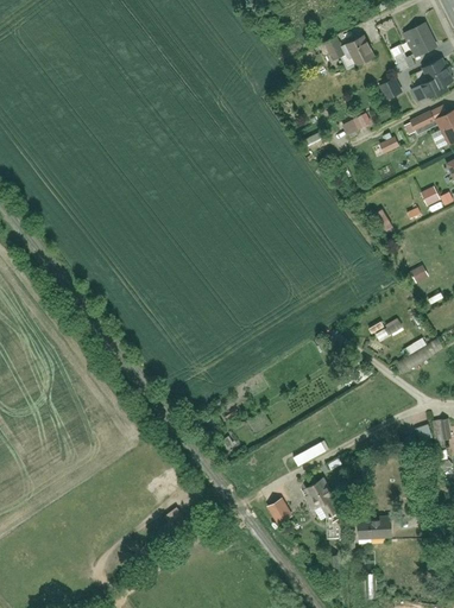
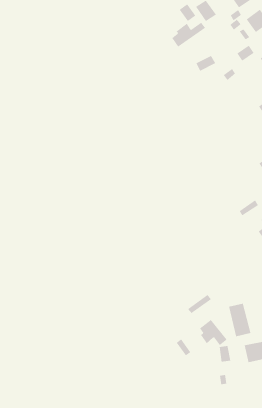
building: none -> [171,22,206,47]
building: none -> [229,303,251,337]

